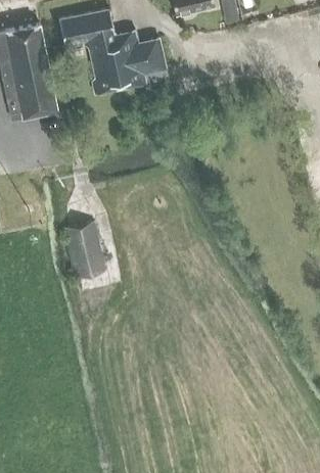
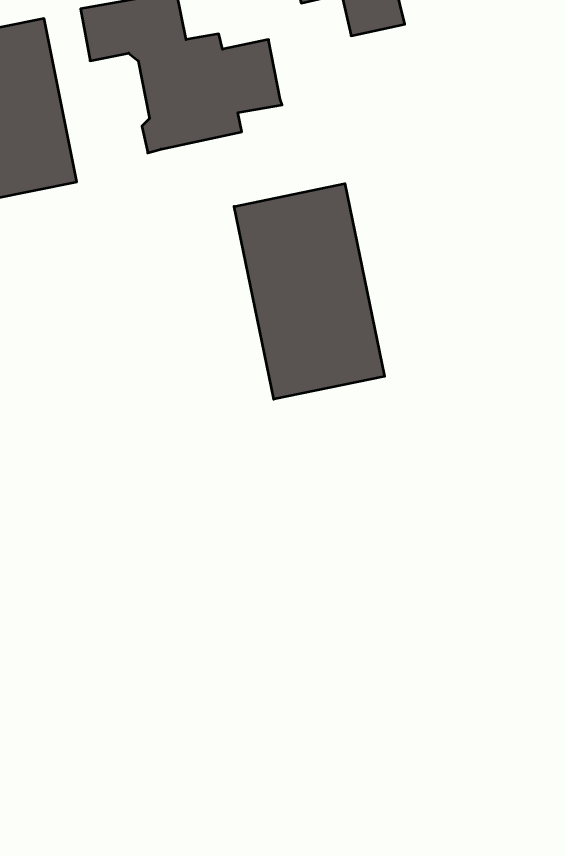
building: none -> [234,184,385,399]
building: [63,222,106,278] -> none

